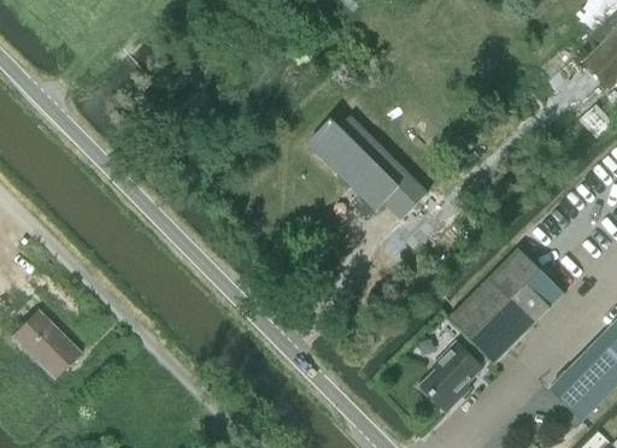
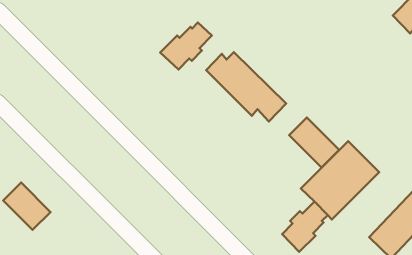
building: none -> [160,22,212,69]
building: none -> [289,118,339,168]

